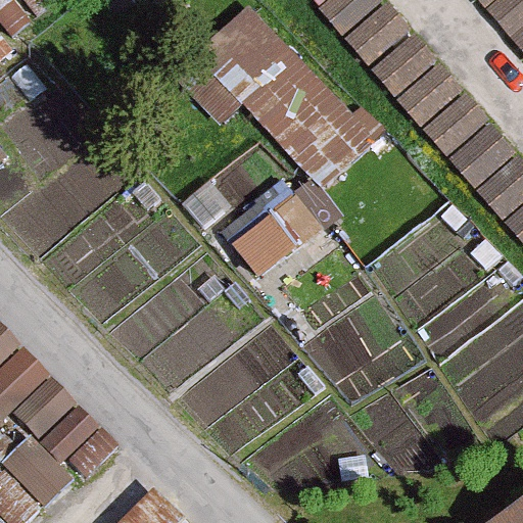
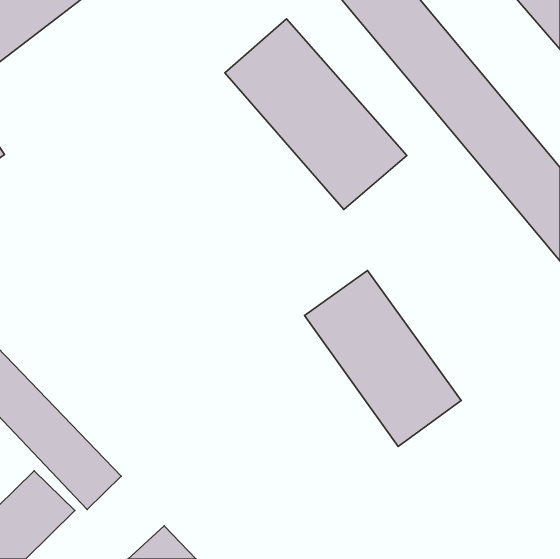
building: [227,189,320,273] -> none
building: none -> [305,270,461,447]

